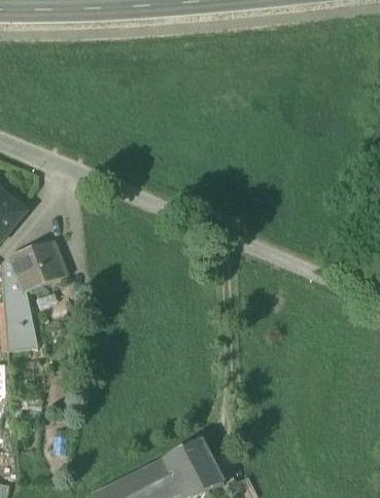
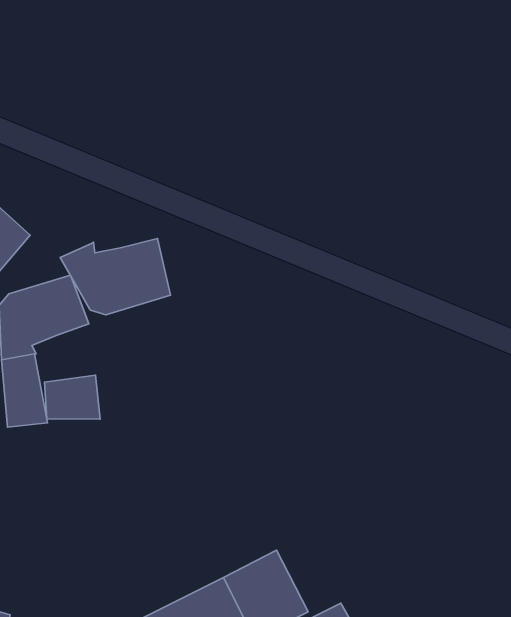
building: none -> [60,239,170,315]
building: none -> [44,375,100,419]

